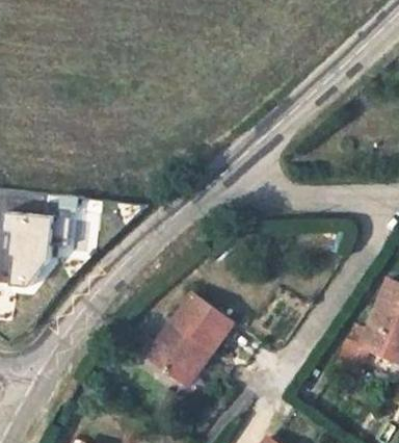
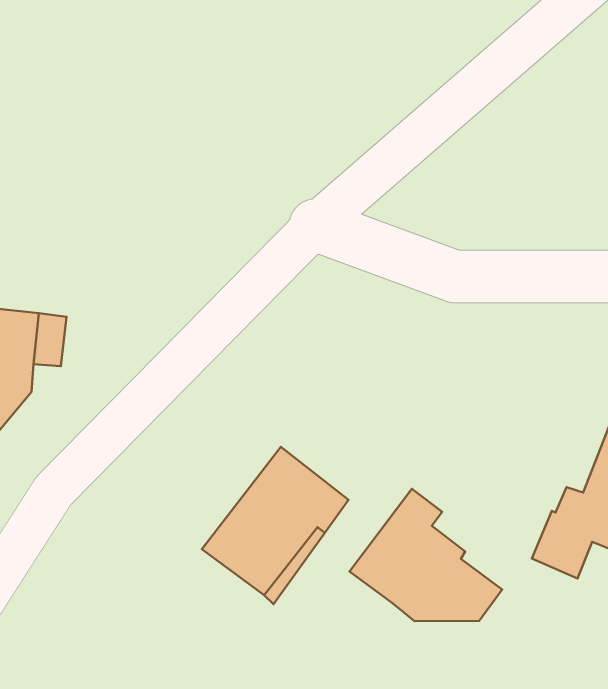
building: none -> [349,489,502,621]

